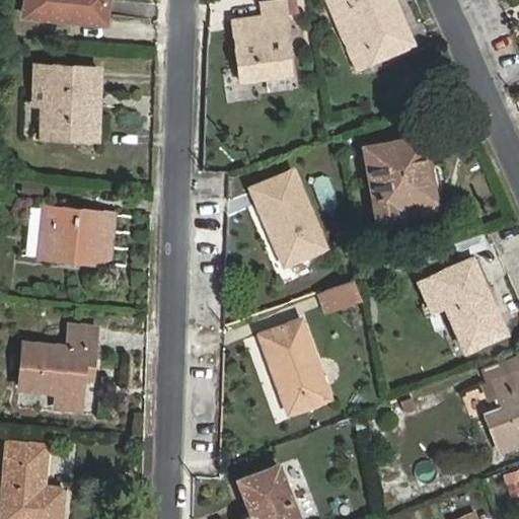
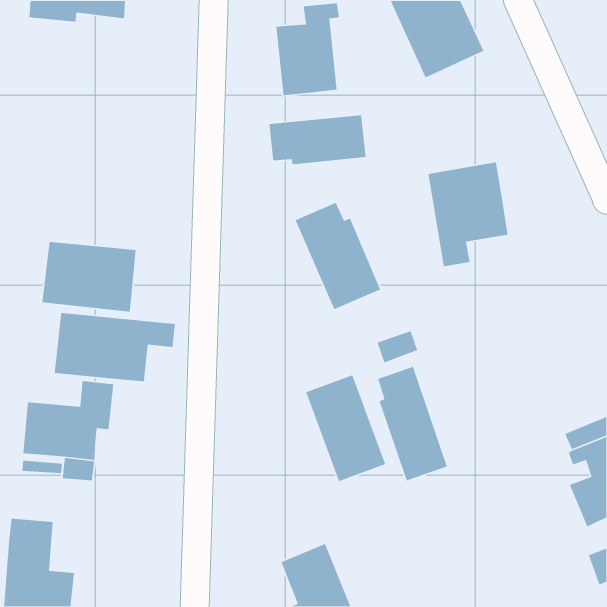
building: [34,65,101,140] -> none
building: none -> [269,114,366,165]
building: [433,257,505,349] -> none
building: none -> [54,312,176,382]
building: none -> [377,366,448,481]

